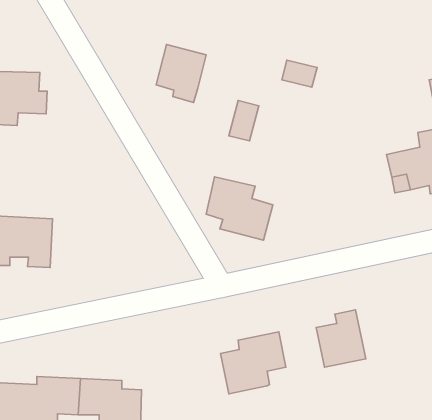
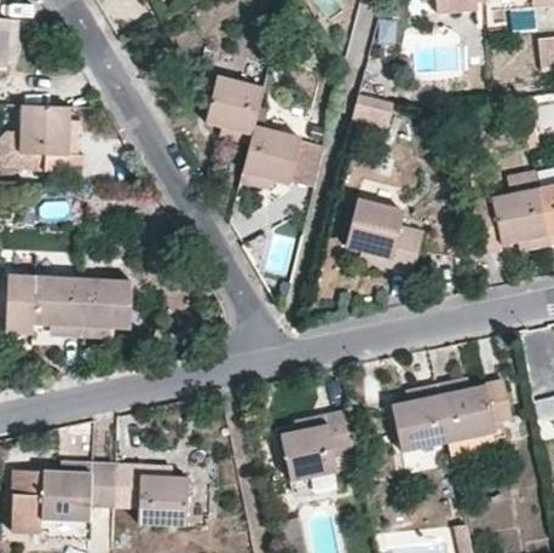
building: none -> [240,125,302,184]
building: [206,177,273,240] -> [347,200,425,273]
building: none -> [82,277,132,336]
building: none -> [438,379,510,440]

